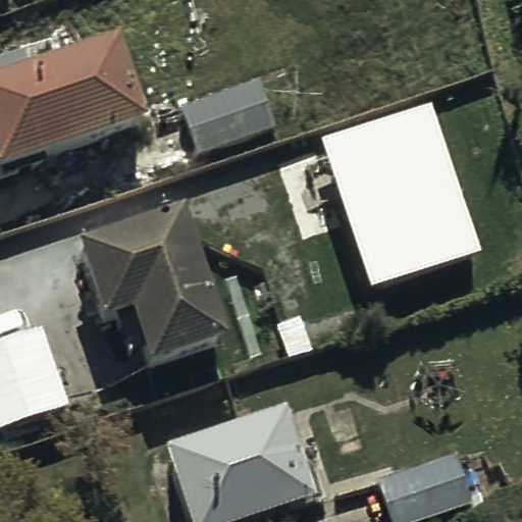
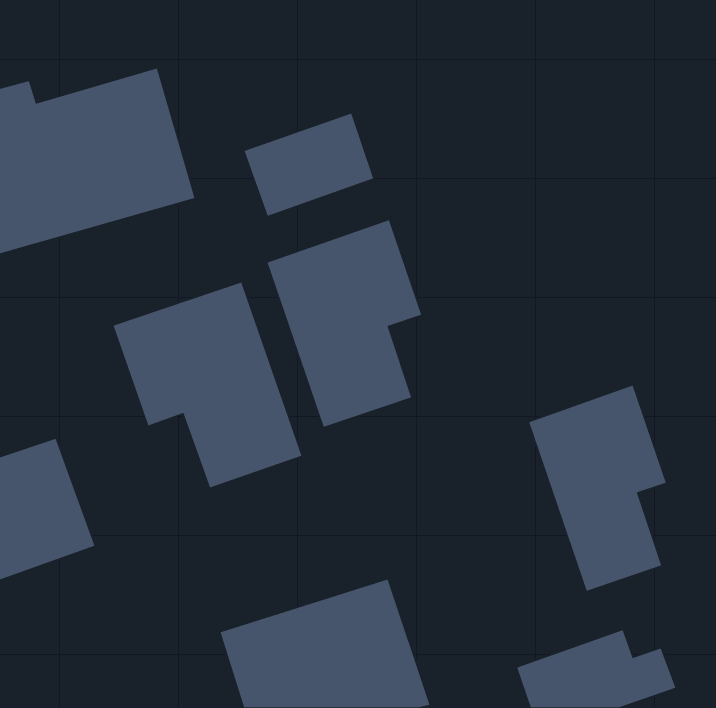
building: [319,94,480,279] -> none
building: none -> [267,219,422,428]
building: none -> [528,384,667,592]

